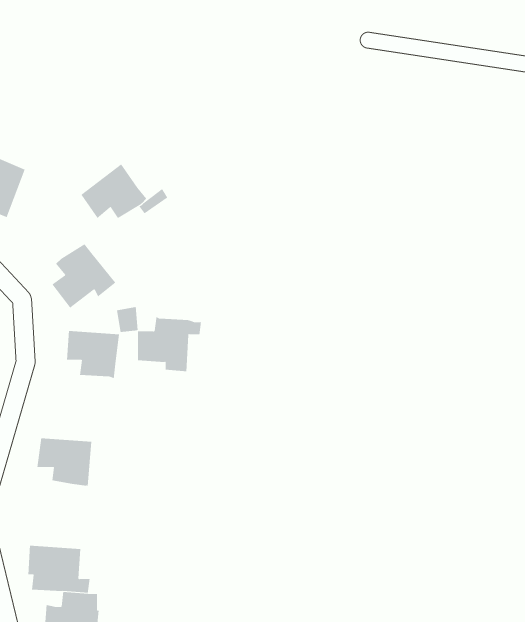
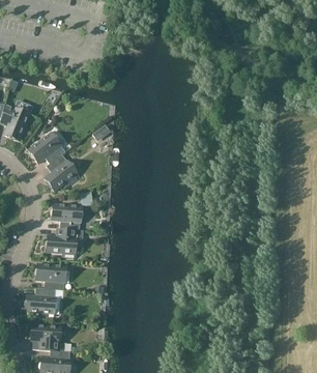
building: [81,163,147,219] -> [28,132,65,163]
building: [137,316,202,372] -> [47,227,83,258]
building: none -> [25,287,55,313]

